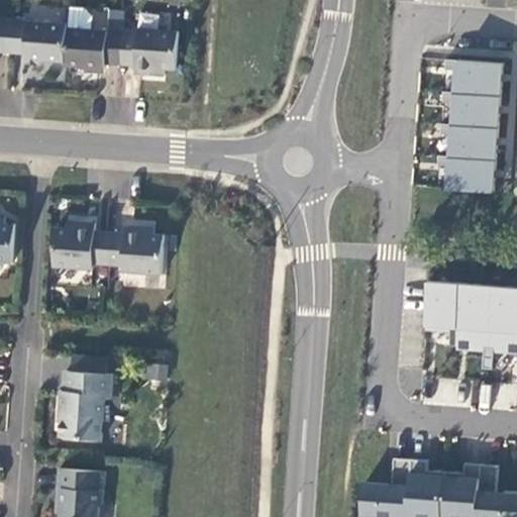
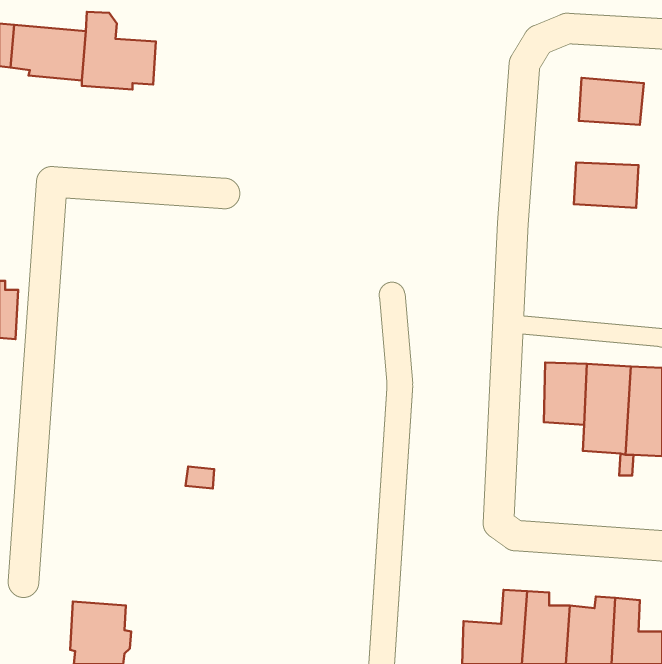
building: [119,29,177,77] -> none
building: [448,94,498,128] -> none
building: [444,159,495,192] -> none
building: [53,222,163,275] -> none
building: [60,370,112,439] -> none

